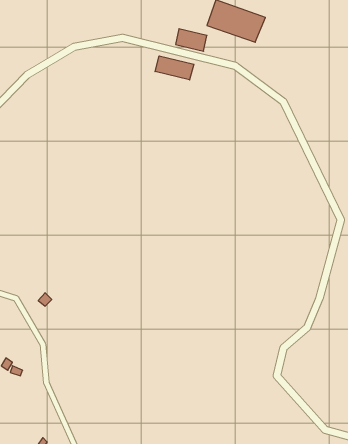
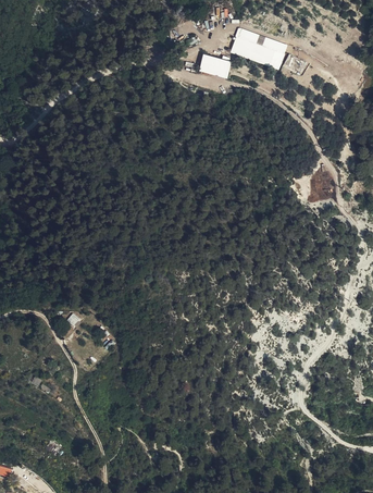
building: [155,56,194,80] -> none

